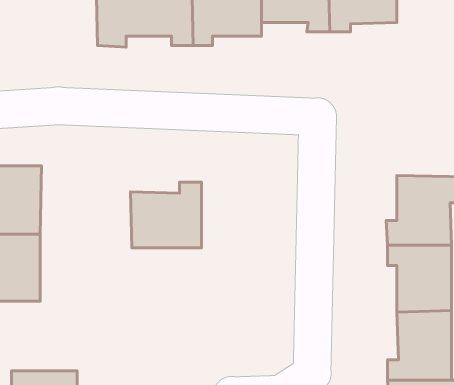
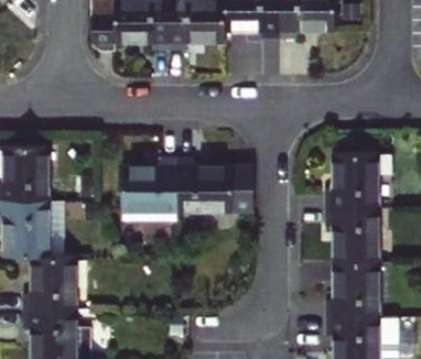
building: none -> [176,161,252,214]
building: none -> [23,257,76,313]

